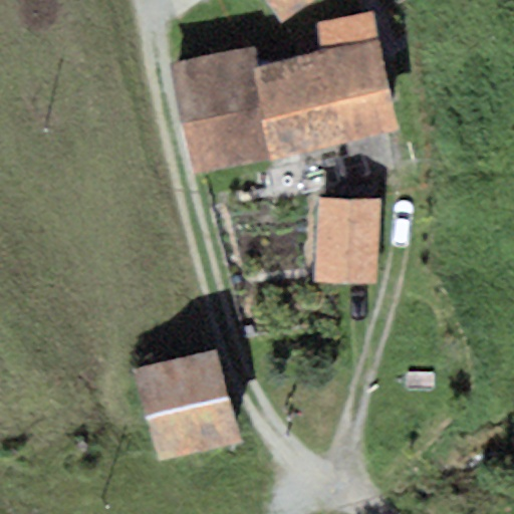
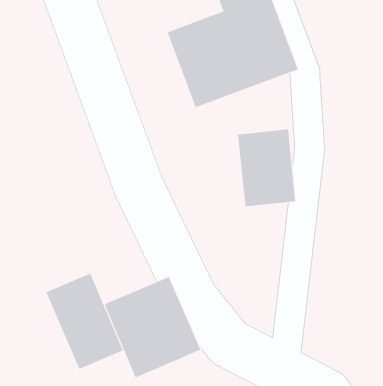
building: [169,46,273,175] -> none
building: none -> [45,273,124,369]

